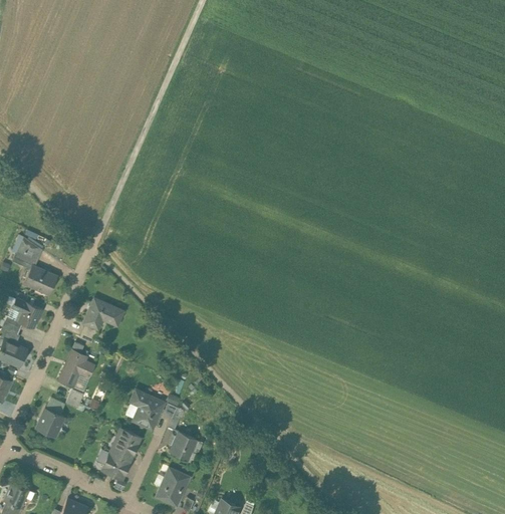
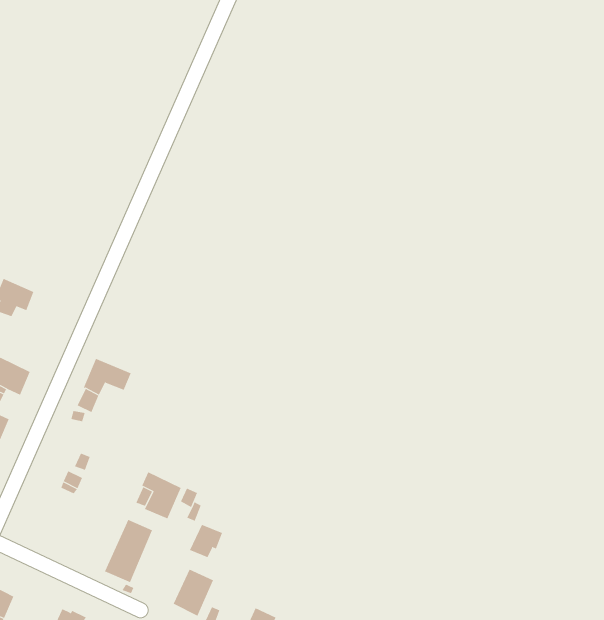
building: [24,265,57,294] -> none
building: [59,349,94,387] -> none
building: [37,409,64,437] -> none

